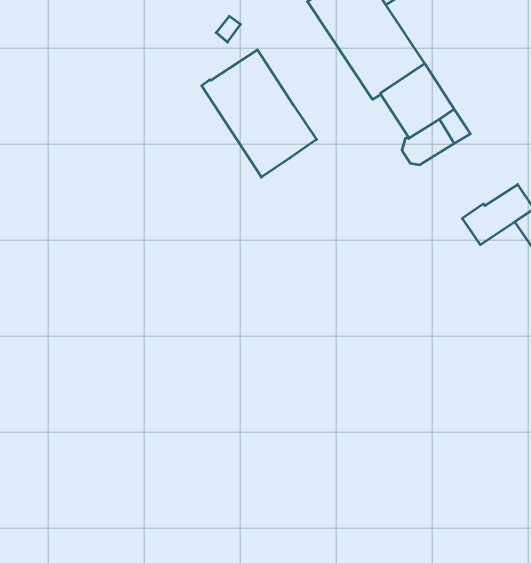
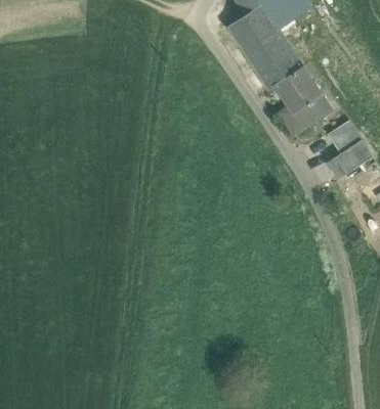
building: [202,50,317,177] -> none
building: none -> [327,122,361,155]

